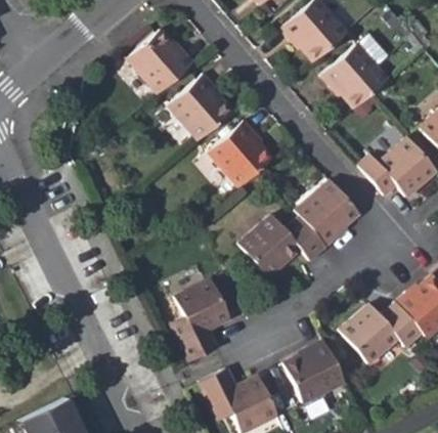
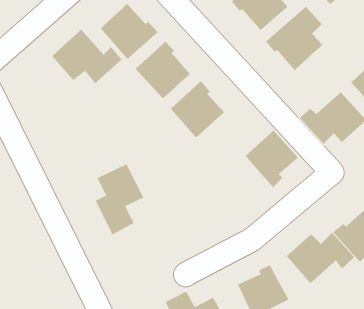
building: none -> [51,29,123,84]
building: [239,215,328,279] -> none
building: [172,278,230,363] -> [95,163,144,235]

